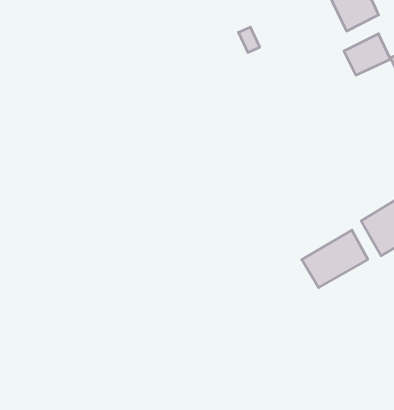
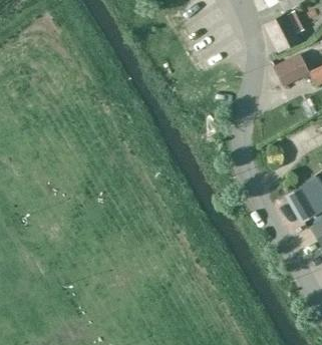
building: [302,230,368,288] -> none

